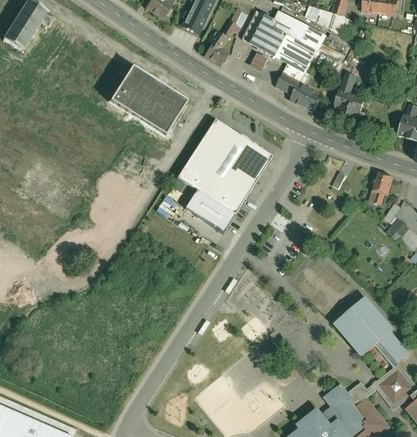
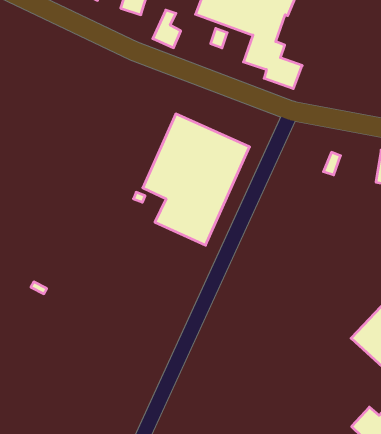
building: [110,67,187,135] -> none
building: [336,73,364,120] -> none

